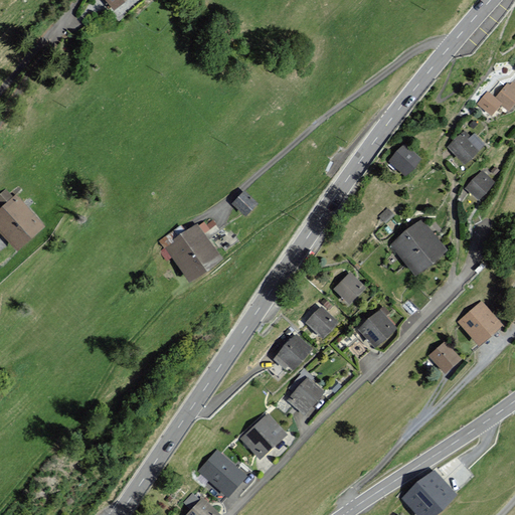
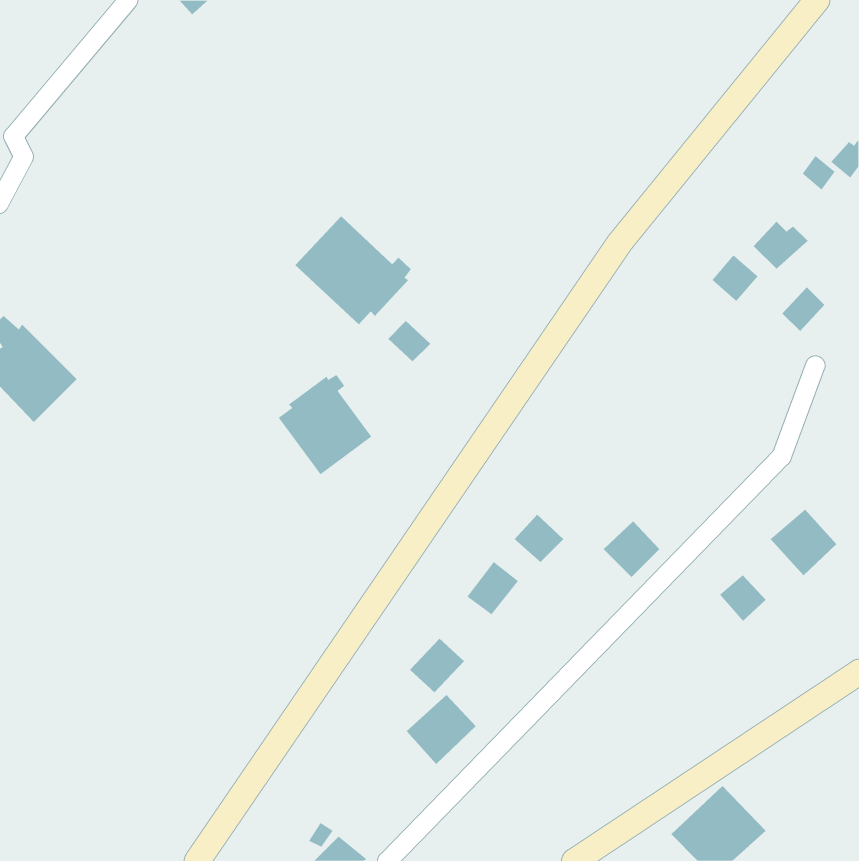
building: none -> [294,215,412,325]
building: [390,145,418,173] -> [711,255,759,302]
building: [392,221,444,273] -> none
building: [336,274,364,302] -> none
building: [289,378,322,411] -> [409,638,465,693]
building: [199,451,244,494] -> none

